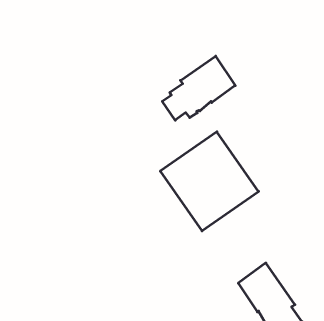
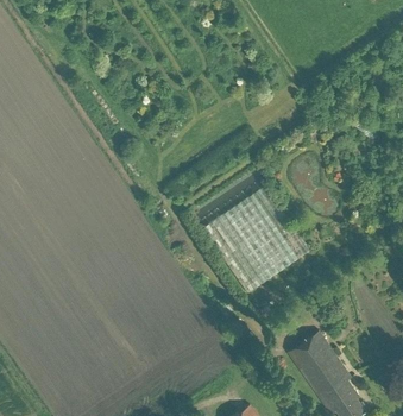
building: [162,56,235,120] -> none

